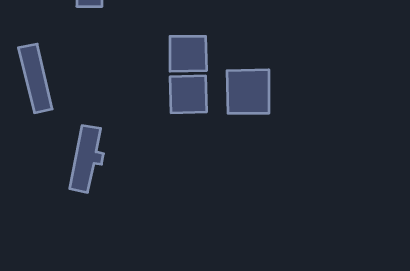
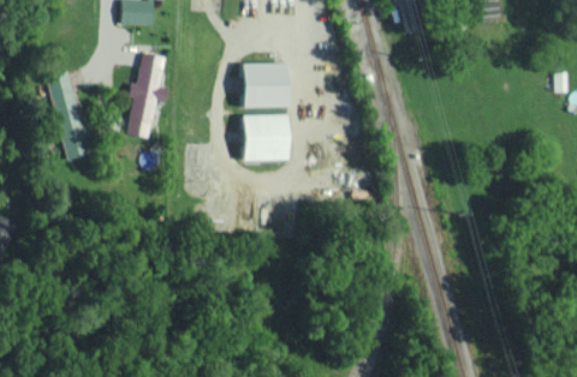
building: [227,70,269,113] -> none
building: [70,126,104,192] -> [126,53,169,138]

